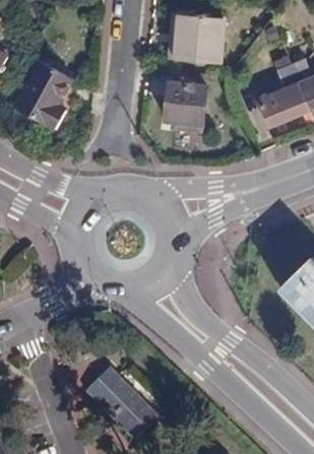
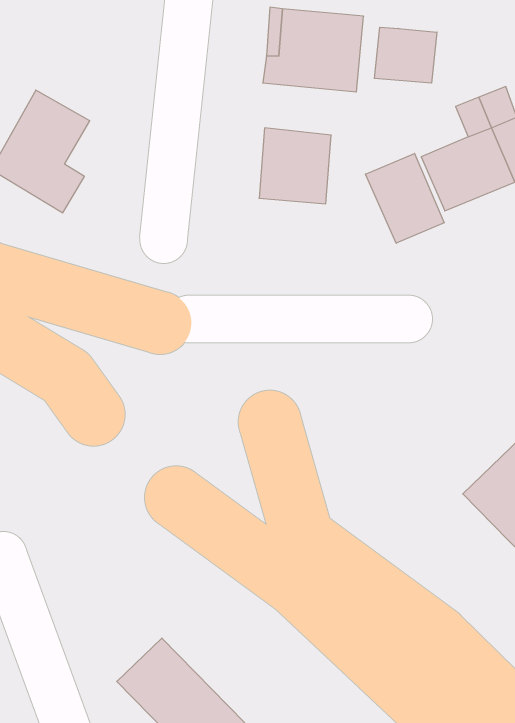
building: none -> [374,27,437,83]
building: none -> [365,153,444,243]

